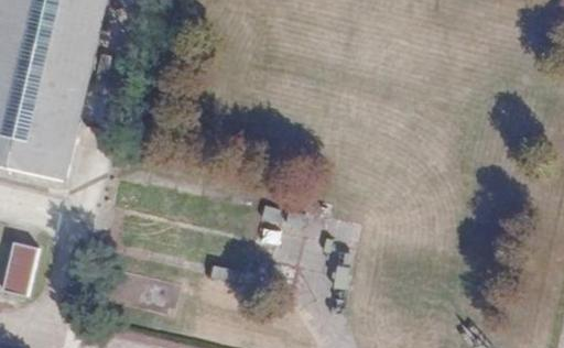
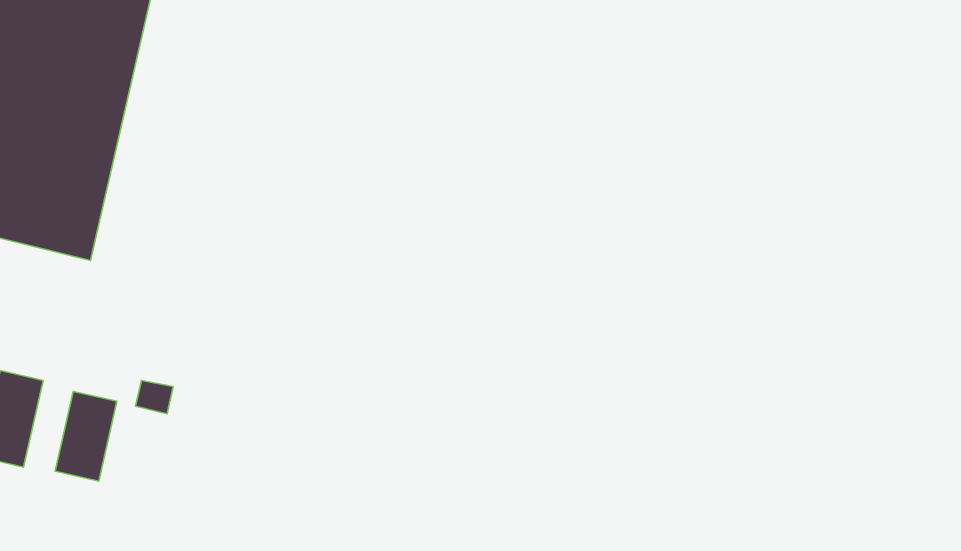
building: none -> [55,391,117,481]

